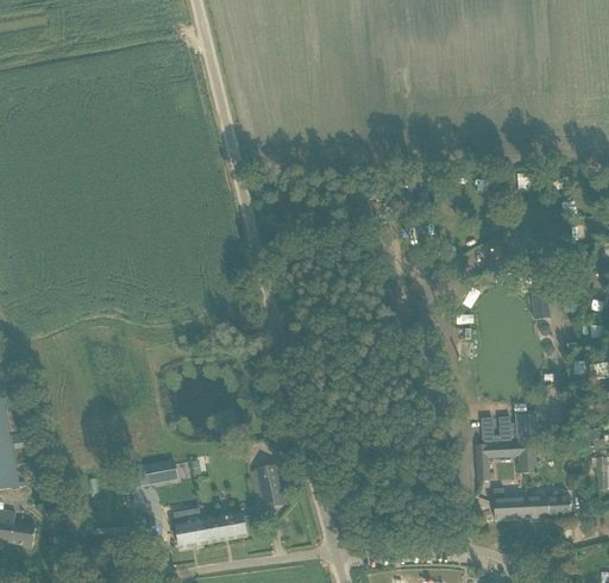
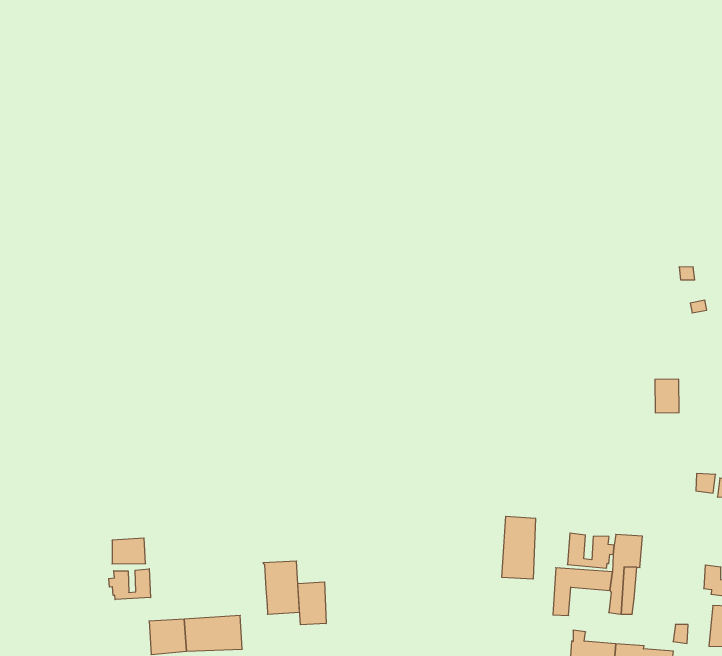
building: none -> [502,516,536,579]
building: none -> [298,582,326,625]
building: none -> [109,569,151,600]

